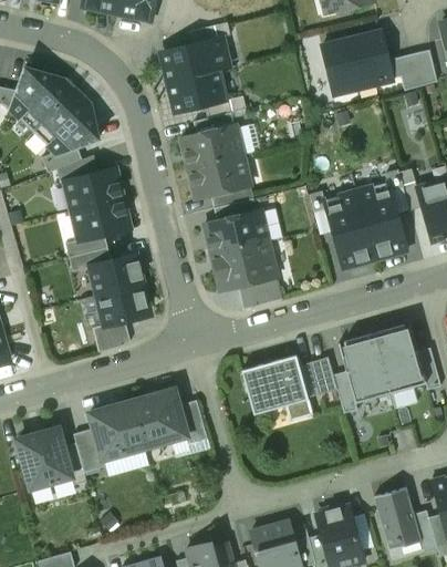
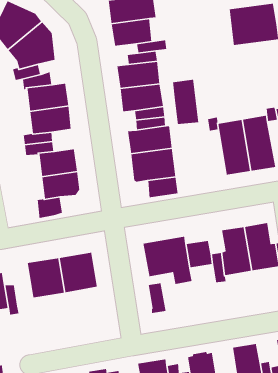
building: none -> [172,79,199,125]
building: [178,400,207,443] -> [148,283,166,314]
building: [73,427,105,472] -> none

